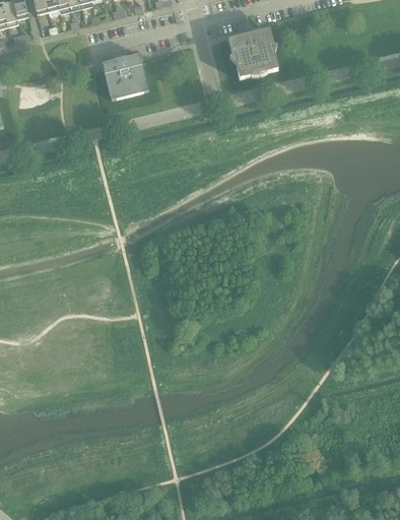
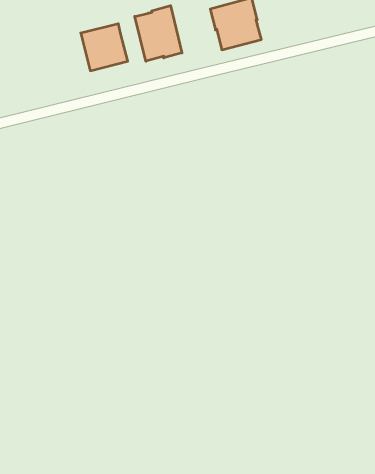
building: none -> [135,6,182,61]

